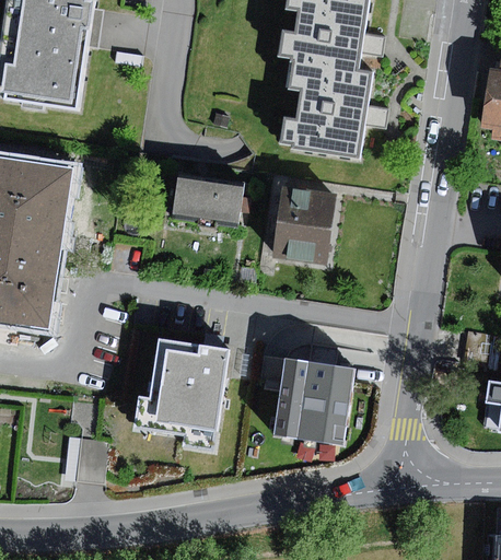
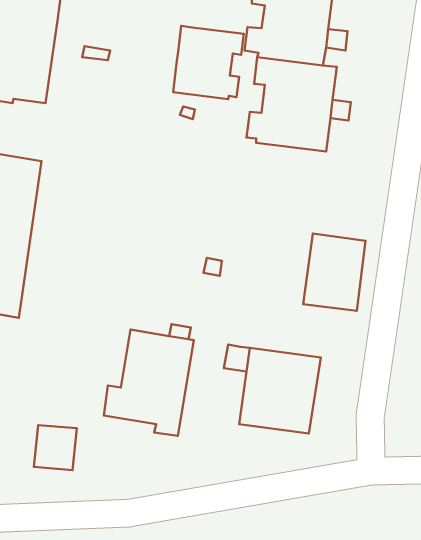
building: none -> [173,26,244,99]
building: [173,171,243,225] -> none
building: [271,184,335,262] -> [303,233,365,311]

